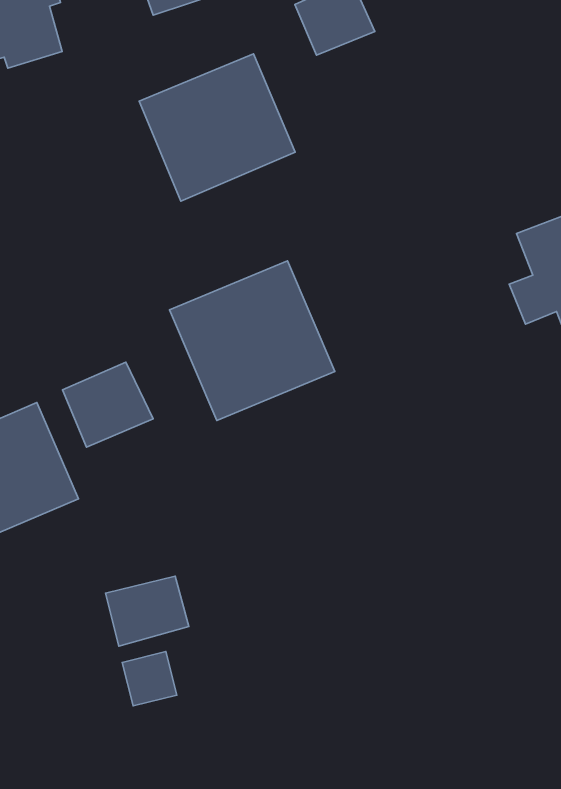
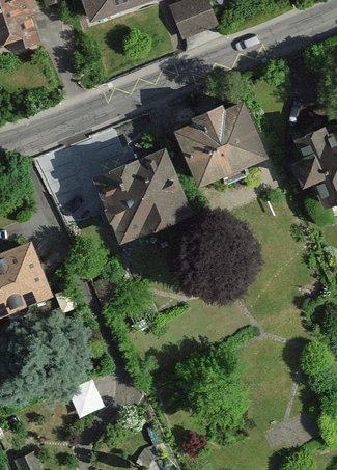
building: [139,54,295,201] -> [172,96,261,181]
building: [63,362,153,447] -> none
building: [106,576,189,646] -> none

